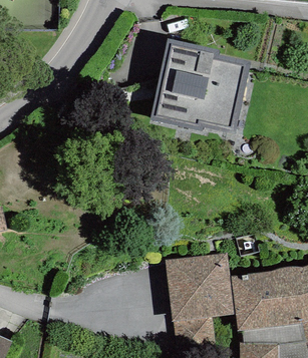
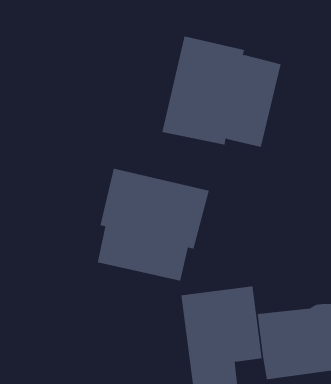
building: none -> [97,168,209,282]

